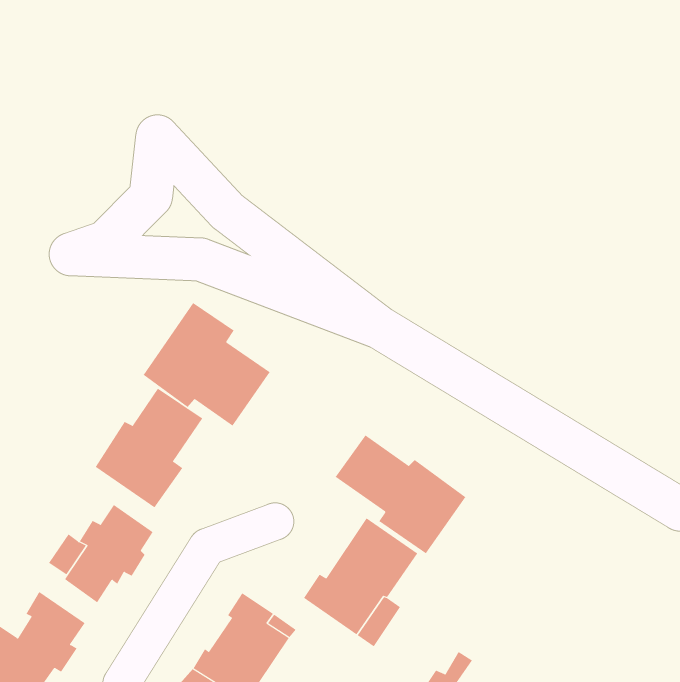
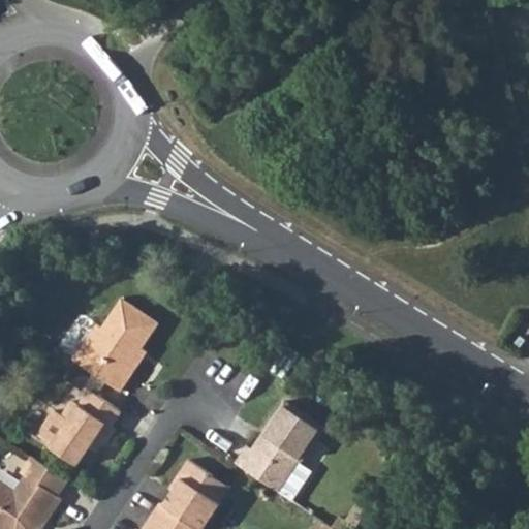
building: [143,302,271,426] -> none
building: [335,434,466,554] -> none

